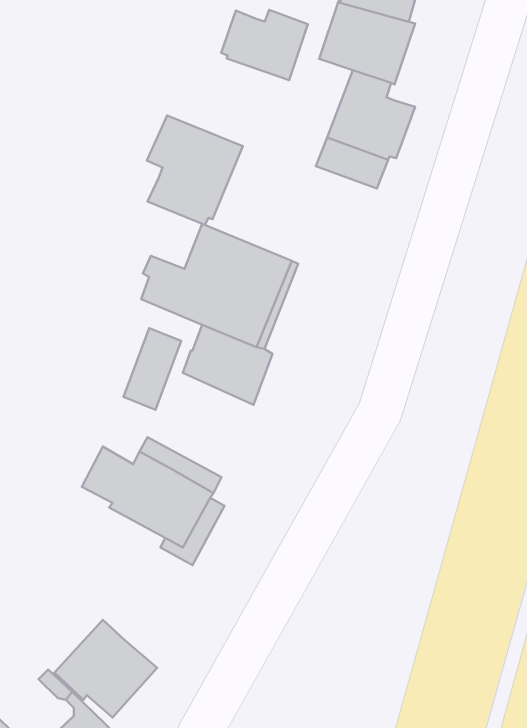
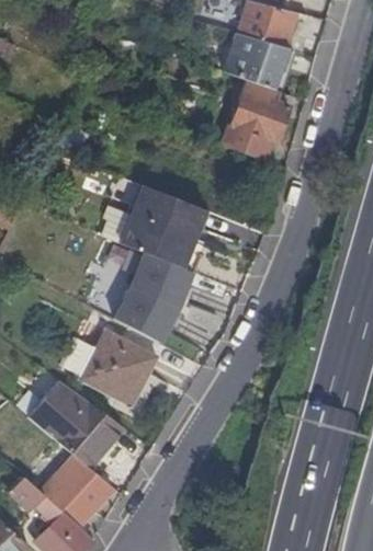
building: [221,10,308,80] -> none
building: [147,115,243,225] -> none
building: none -> [114,286,179,343]
building: none -> [30,380,126,469]

